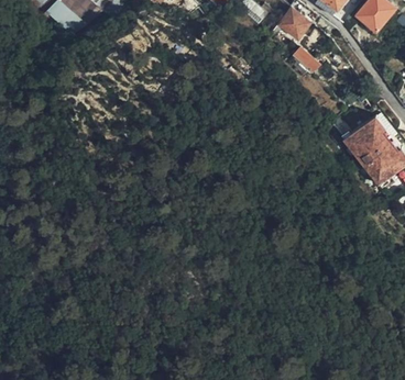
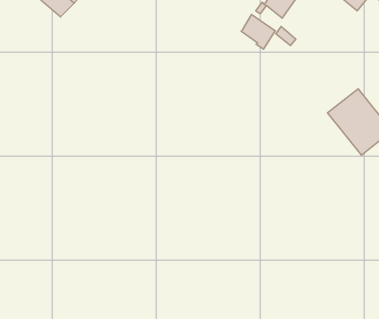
building: none -> [241,15,275,49]

